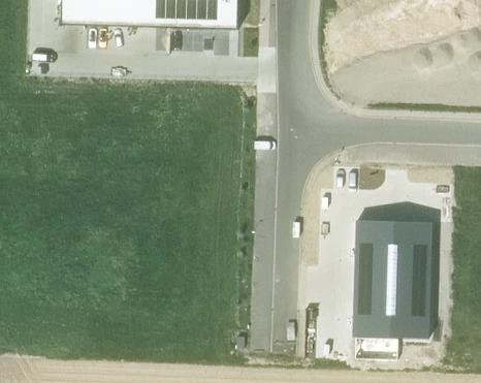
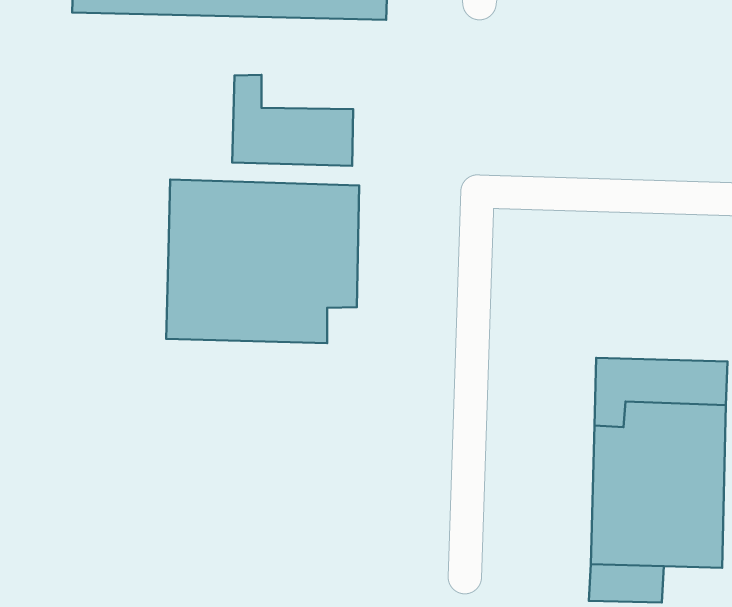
building: none -> [232,75,353,166]
building: none -> [166,179,359,343]

